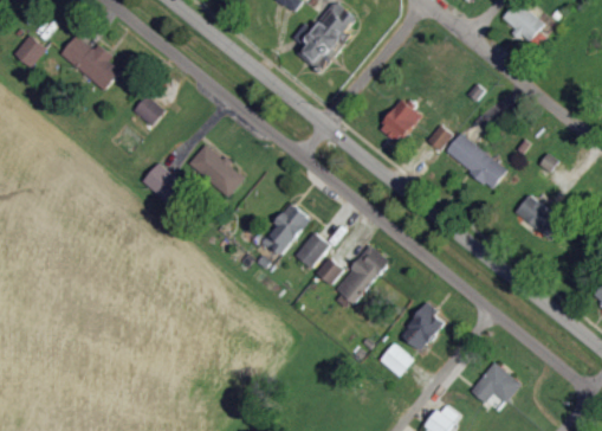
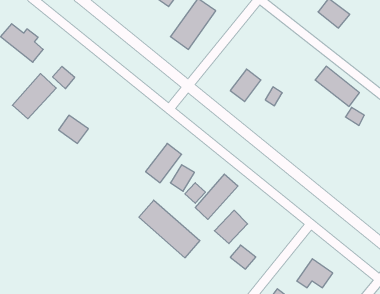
building: none -> [12,74,56,119]
building: [445,134,506,189] -> [315,66,359,106]
building: [188,143,244,195] -> none
building: [514,194,564,242] -> none
building: none -> [139,200,200,258]
building: [400,304,446,350] -> [214,210,248,244]

